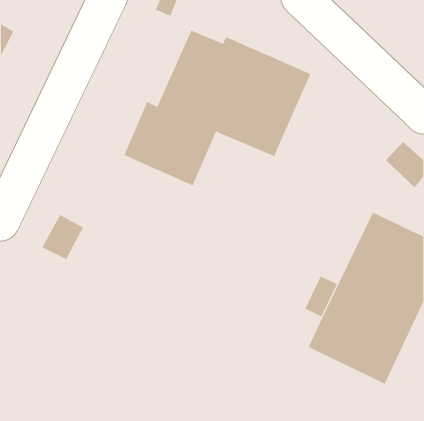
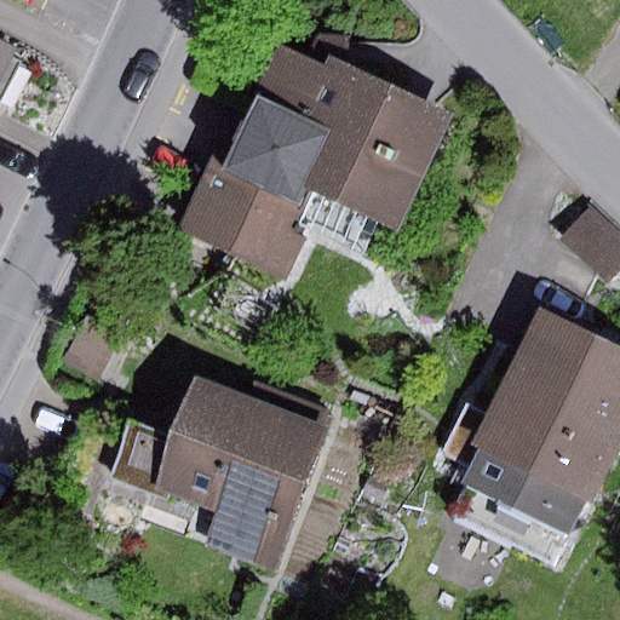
building: none -> [110,381,327,568]

